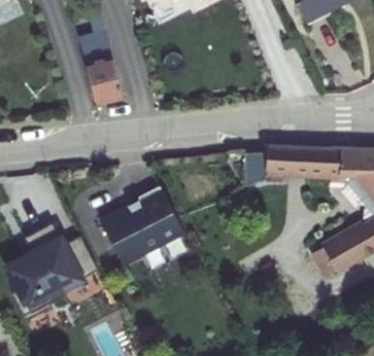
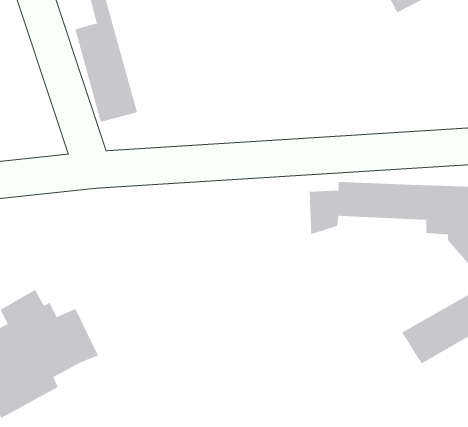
building: [98,187,184,268] -> none

